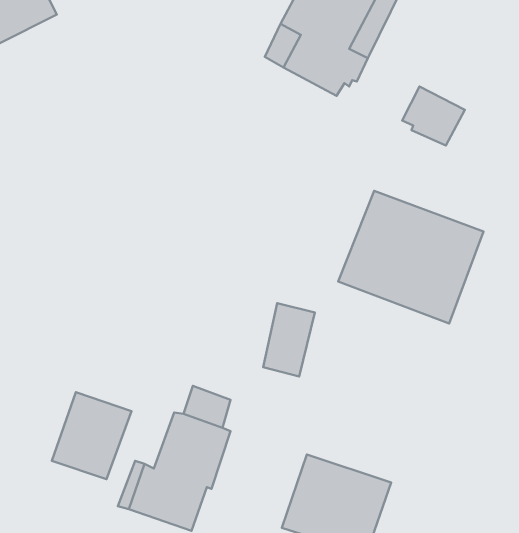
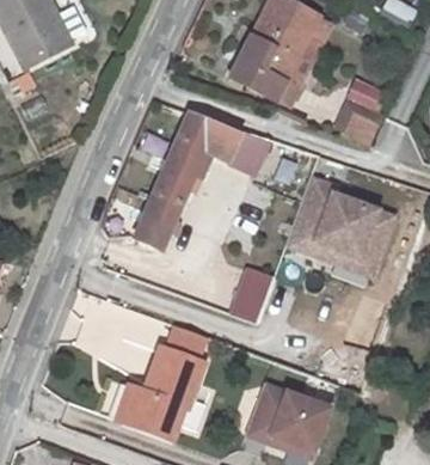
building: none -> [134,110,271,247]
building: [52,392,131,479] -> none

